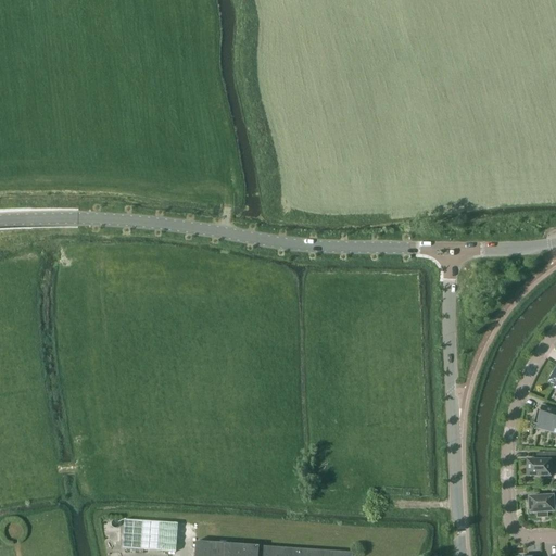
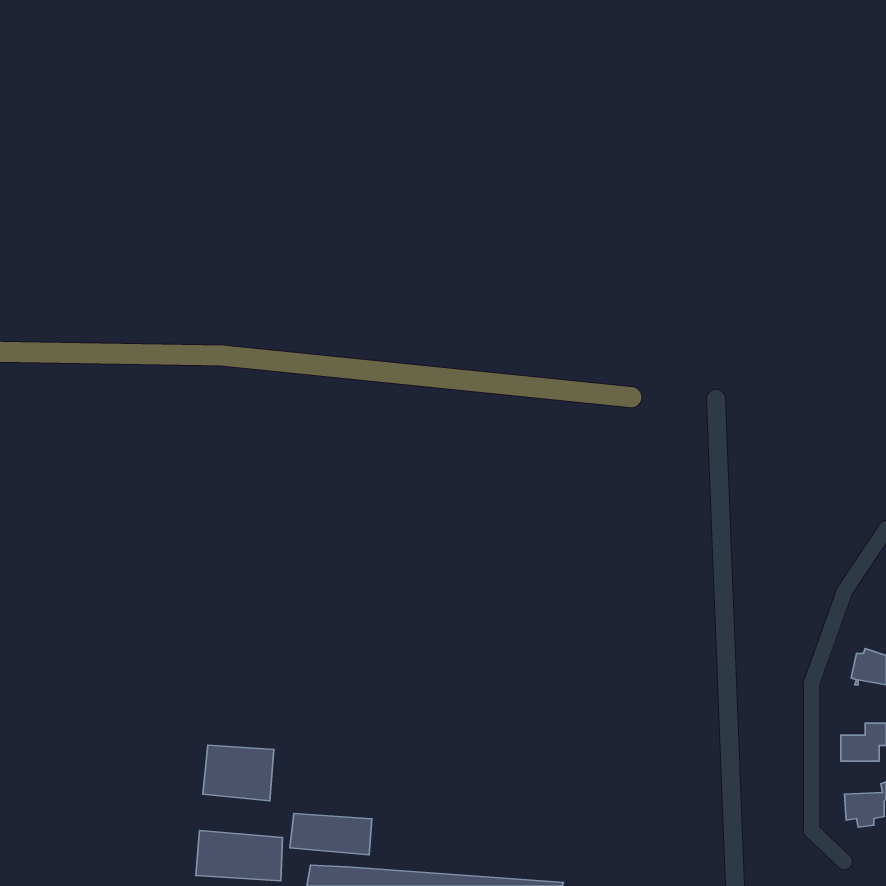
building: none -> [203,745,274,801]
building: none -> [290,813,372,855]

